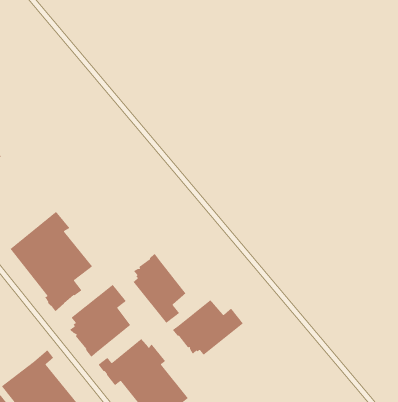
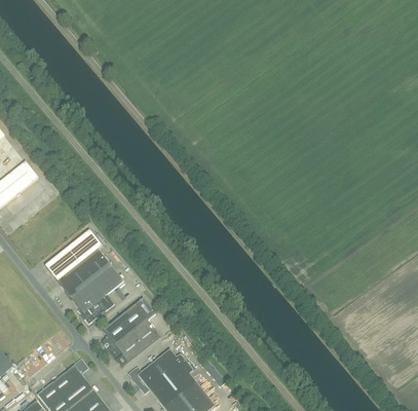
building: [133,253,186,324] -> none
building: [172,299,244,356] -> none

